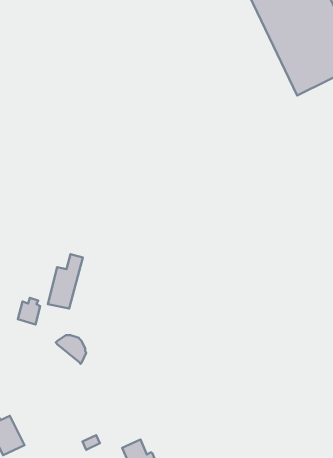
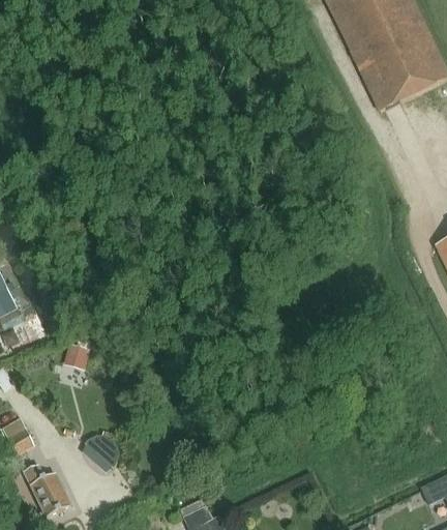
building: [48,254,83,309] -> none
building: [56,335,86,364] -> [84,435,118,467]

